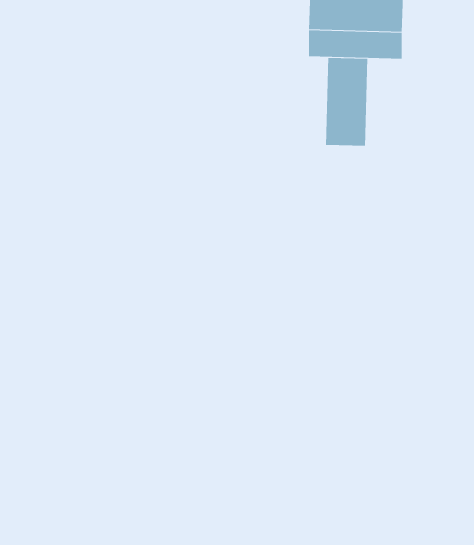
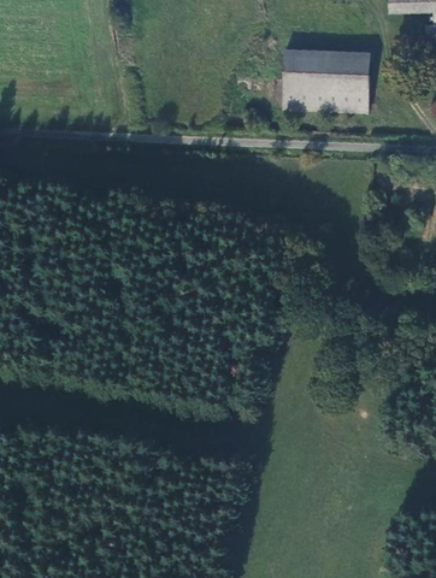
building: [325,57,368,146] -> none

